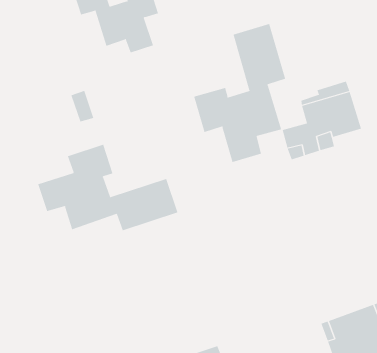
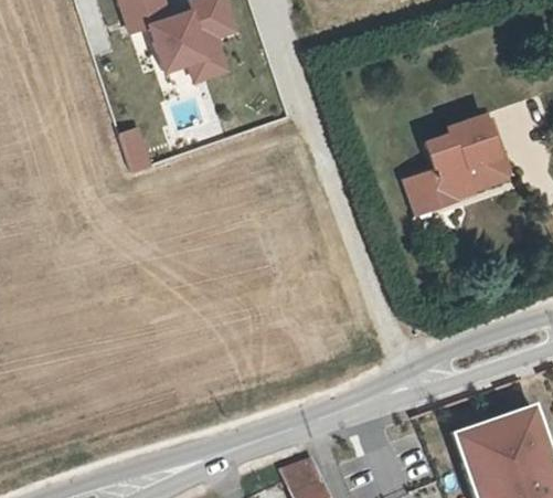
building: [194,23,286,163] -> none
building: [38,144,178,231] -> none

